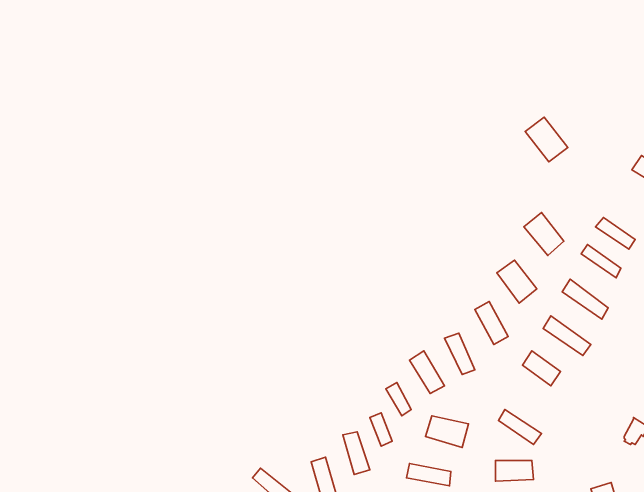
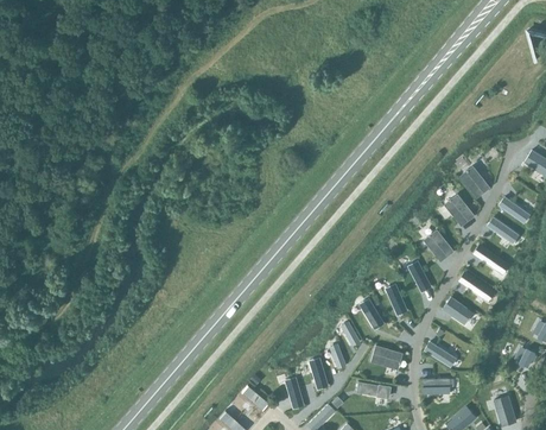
building: [525,117,568,162] -> [458,165,490,198]

